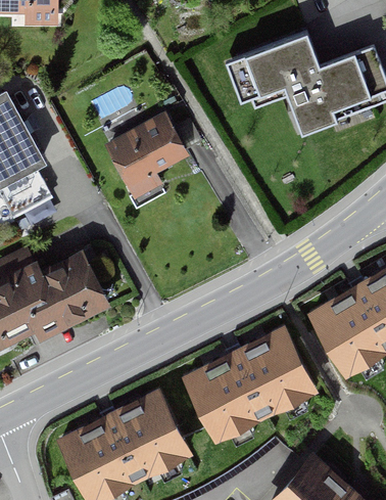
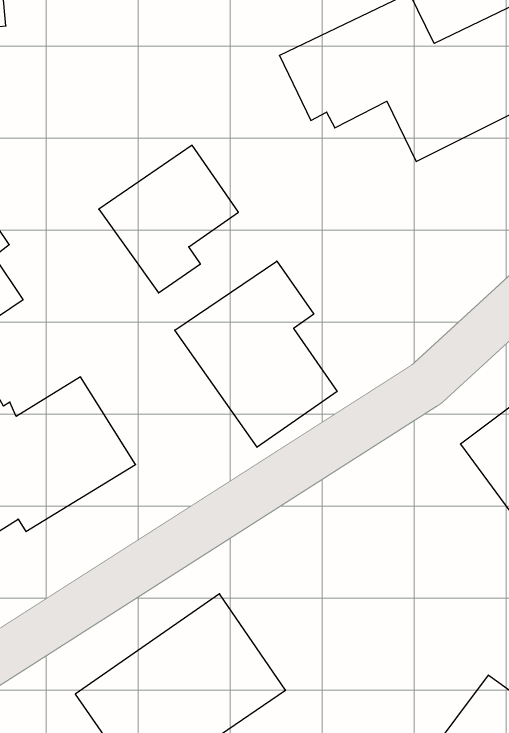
building: none -> [175,261,337,447]
building: [185,328,312,439] -> none

